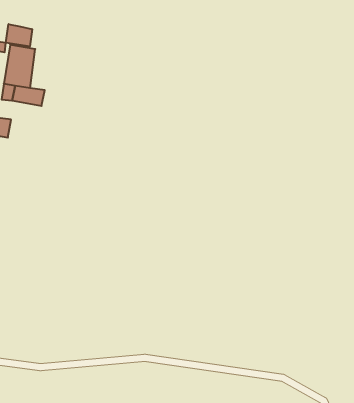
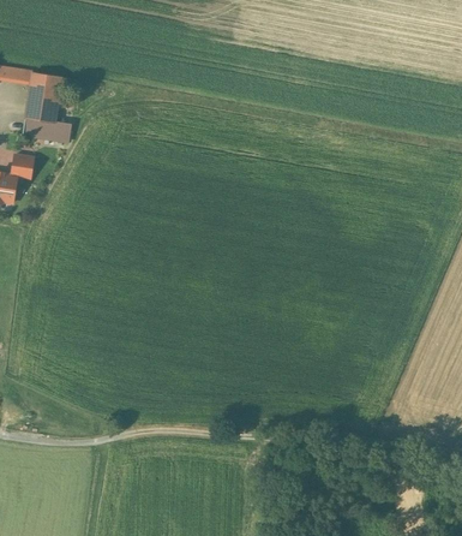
building: [6,24,32,47] -> none

